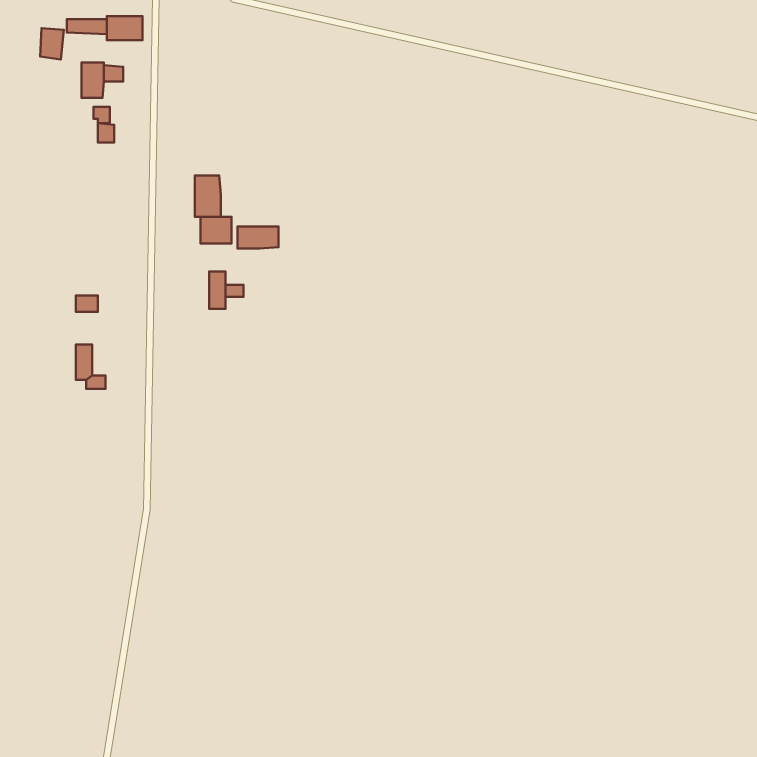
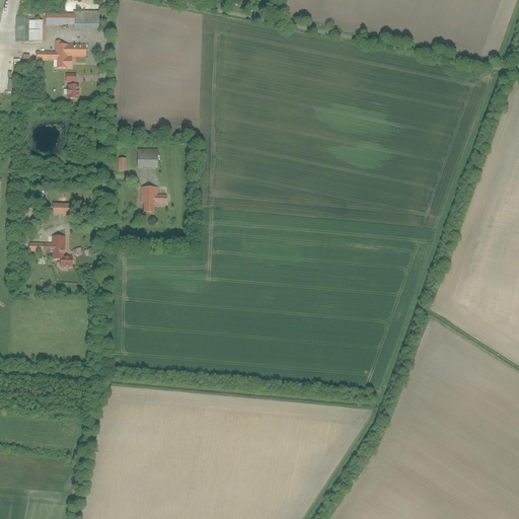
building: [195,176,221,217] -> none
building: [238,226,278,249] -> none

